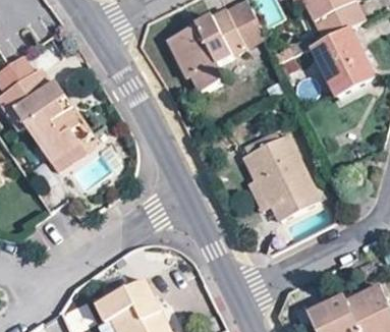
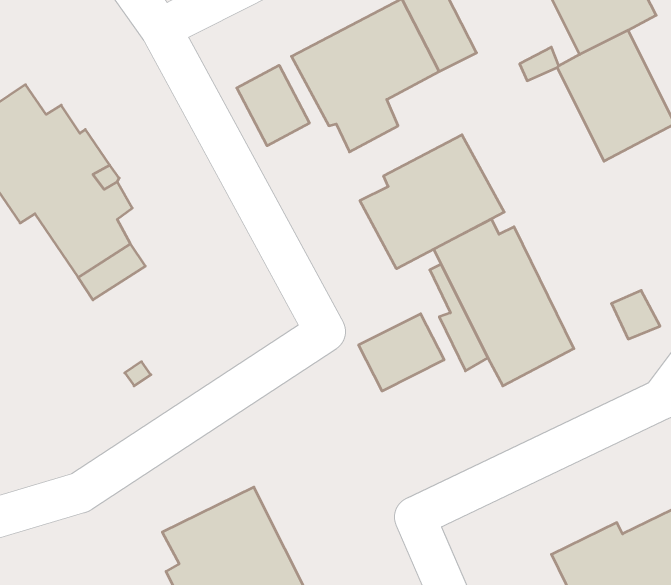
building: none -> [237,65,309,146]
building: none -> [360,135,504,269]
building: none -> [359,314,444,391]

